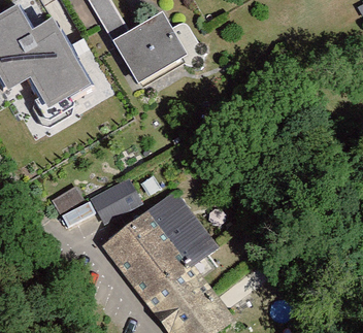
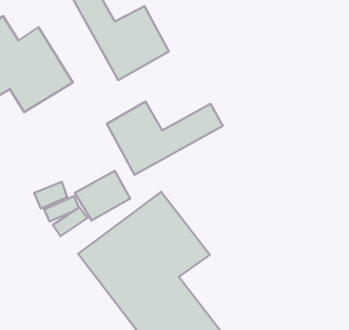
building: none -> [107,102,223,175]

